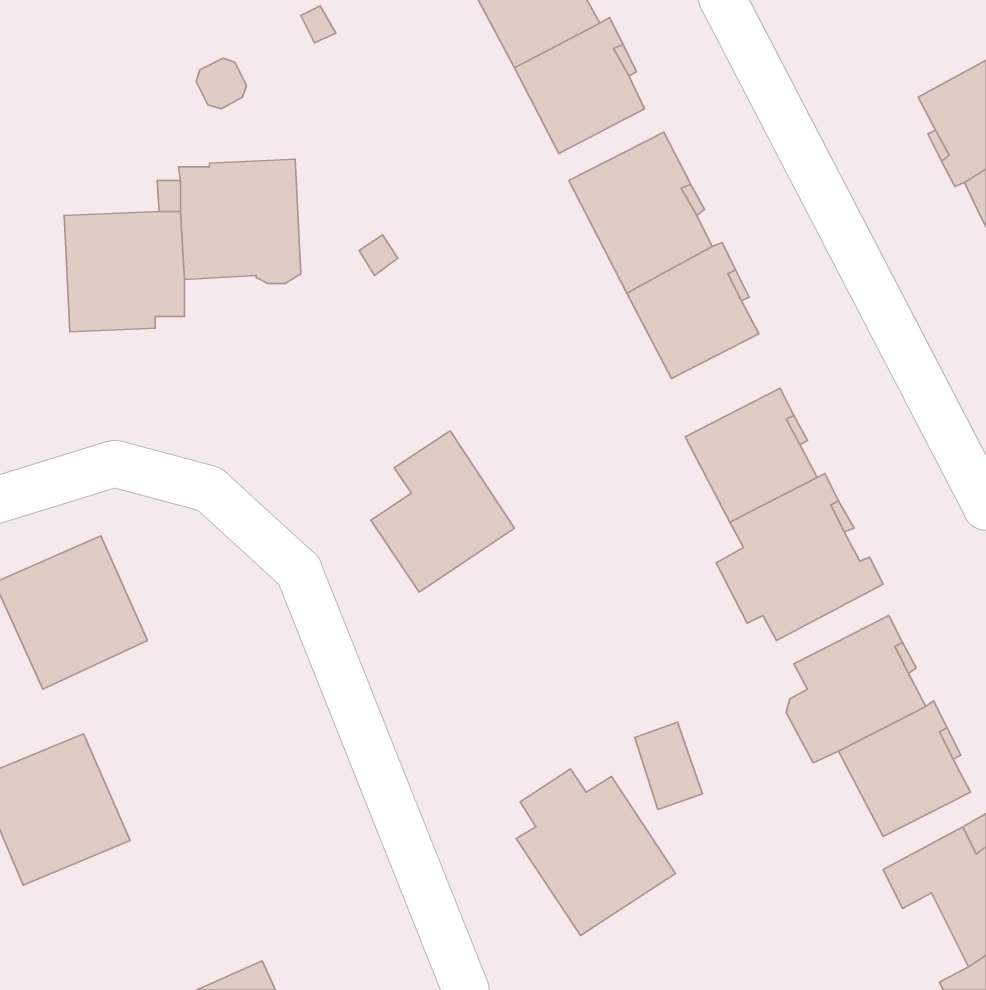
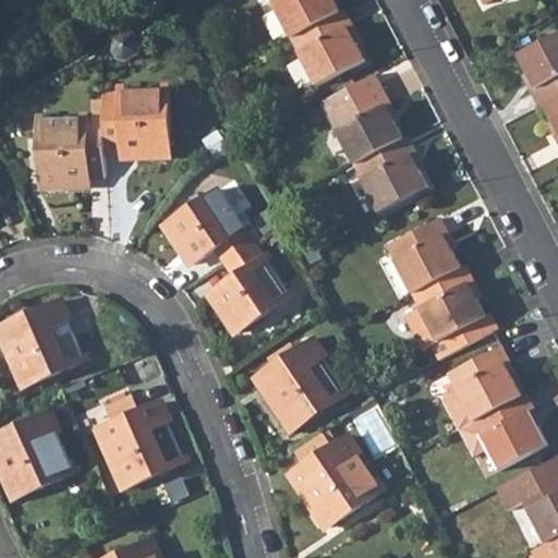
building: none -> [163,187,253,264]
building: none -> [255,339,345,429]
building: none -> [97,395,182,488]

